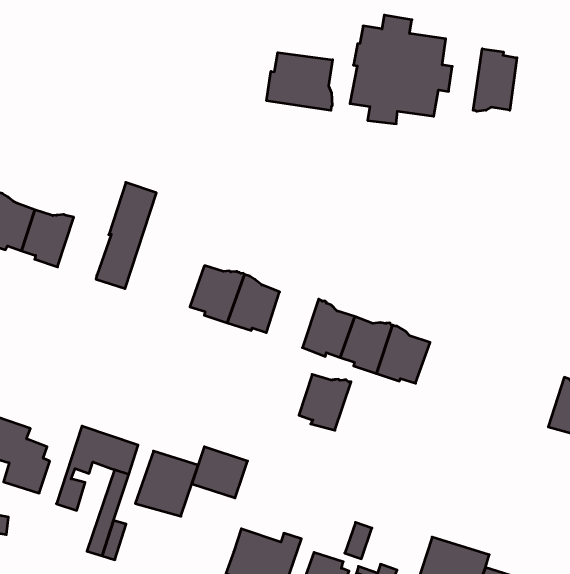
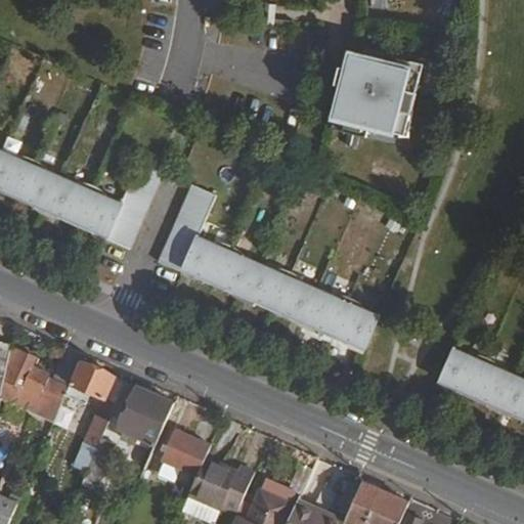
building: [473,49,517,111] -> none
building: [267,53,333,110] -> none
building: none -> [156,186,215,273]
building: none -> [74,186,121,236]
building: none -> [437,349,485,399]
building: [299,374,351,430] -> [242,265,288,313]
building: [192,447,248,498] -> [162,432,210,477]

